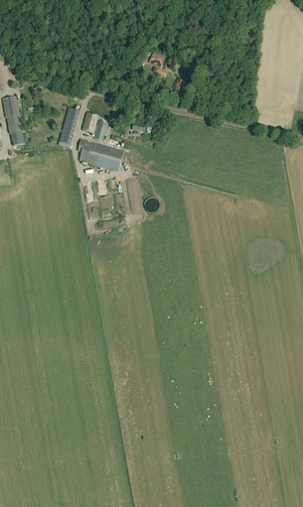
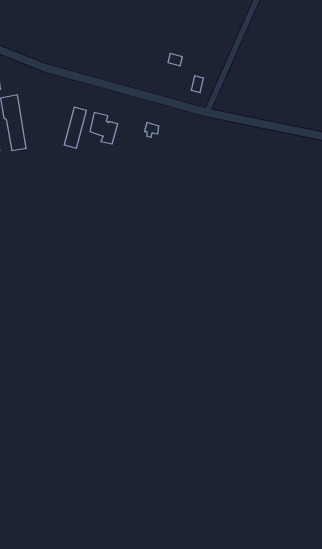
building: [79,139,124,170] -> none

